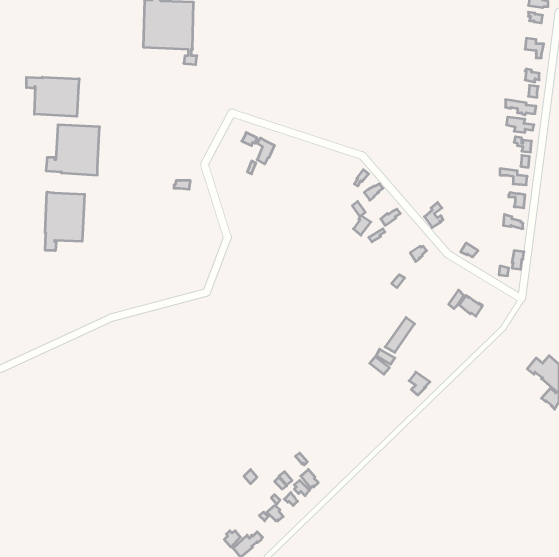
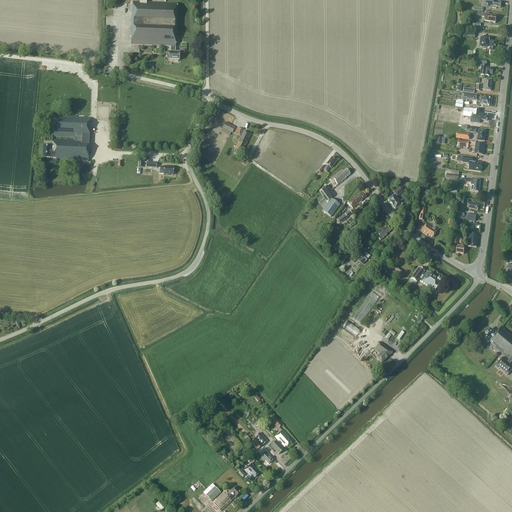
building: [26,77,79,116] -> none
building: [45,192,85,251] -> none

